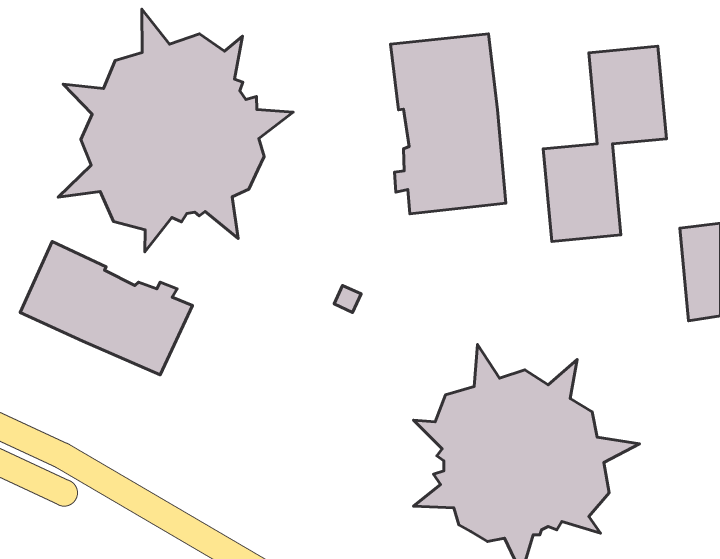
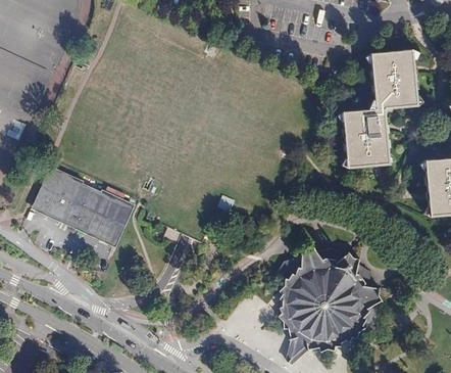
building: [58,9,293,252] -> none
building: [391,34,506,214] -> none

